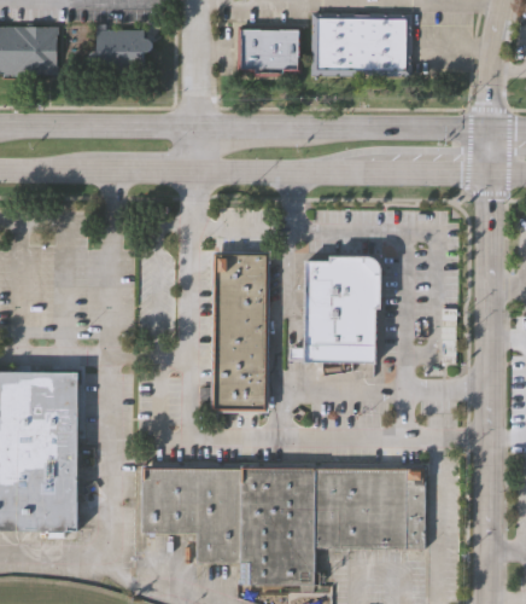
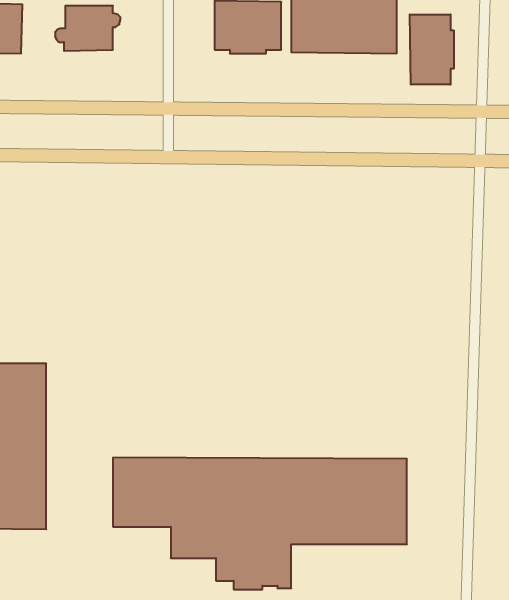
building: none -> [410,14,454,85]
building: [215,252,271,412] -> none
building: [302,257,381,365] -> none

